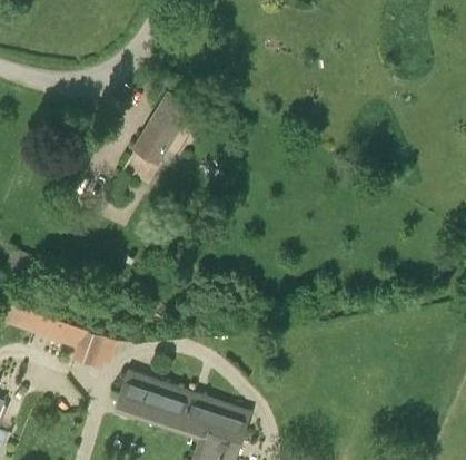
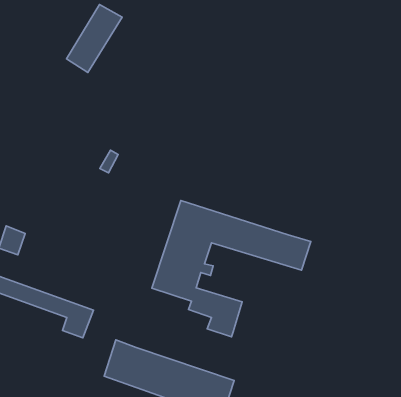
building: [135,91,192,163] -> [67,4,122,73]
building: none -> [152,201,311,337]

